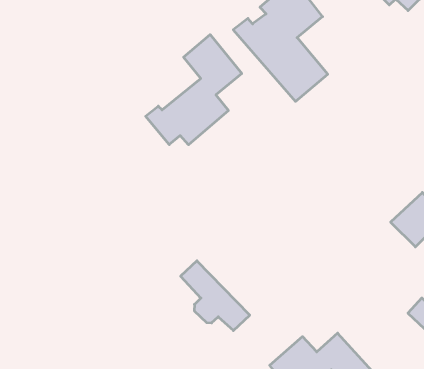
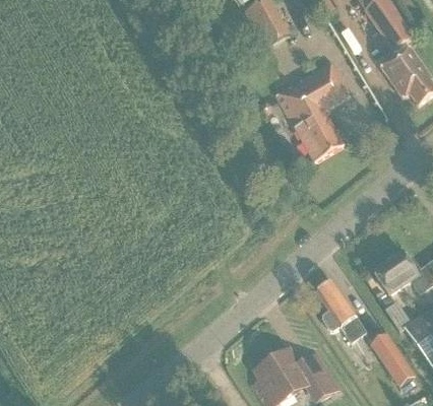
building: [146,35,242,145] -> none
building: [181,261,250,331] -> [315,279,365,340]

